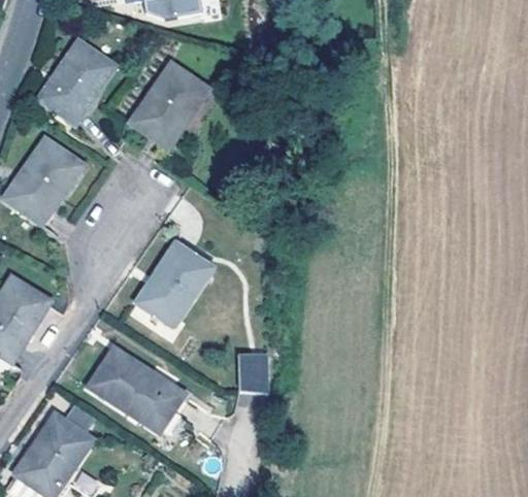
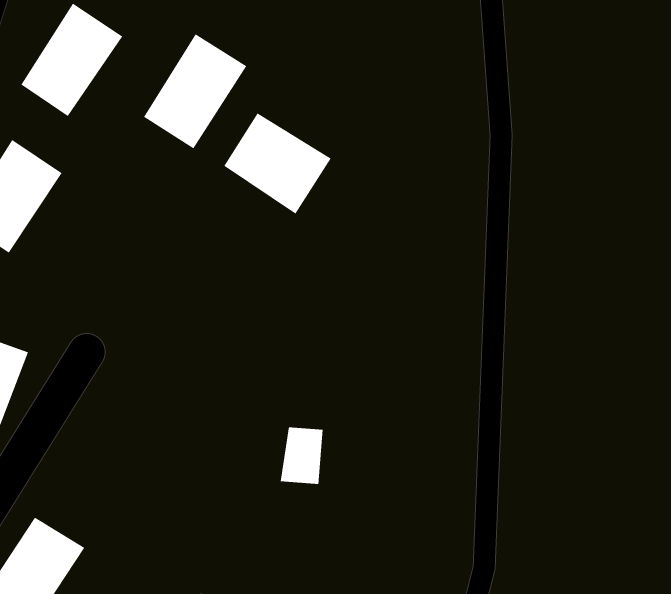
building: none -> [224,113,332,215]
building: [134,239,211,325] -> none
building: [89,347,187,432] -> none

